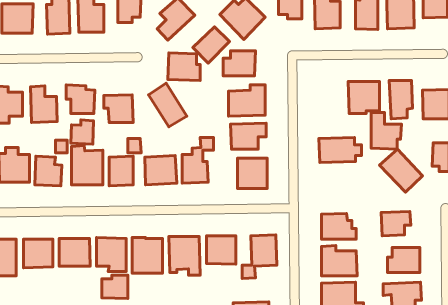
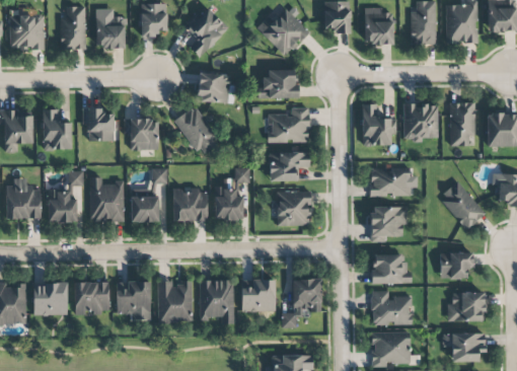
building: [193,27,230,63] -> none
building: [371,112,401,149] -> [362,103,396,145]
building: [71,120,93,144] -> none
building: none -> [370,206,408,241]
building: [102,275,128,299] -> none

